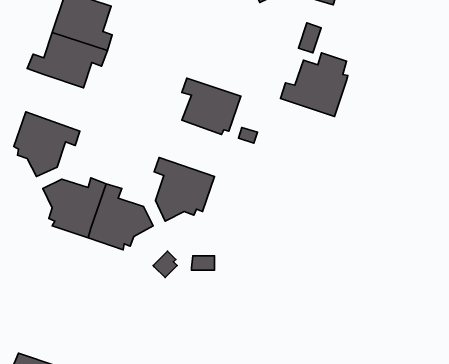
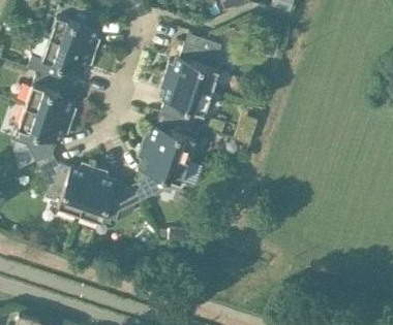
building: [281,53,348,116] -> [163,37,221,92]
building: none -> [25,73,77,122]
building: none -> [140,112,198,161]

